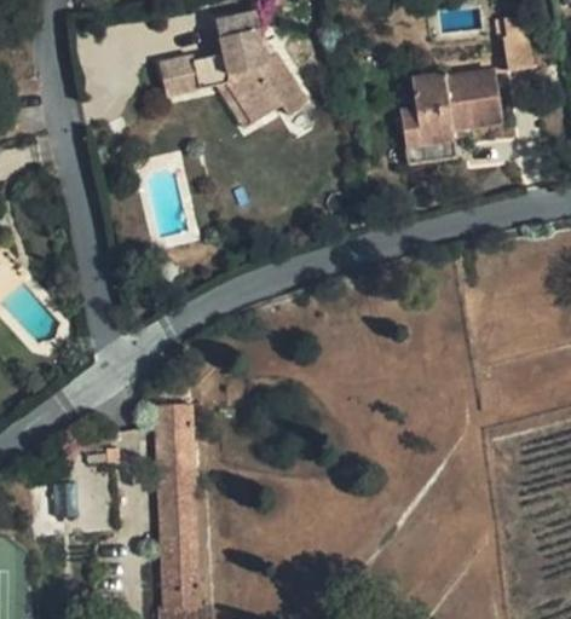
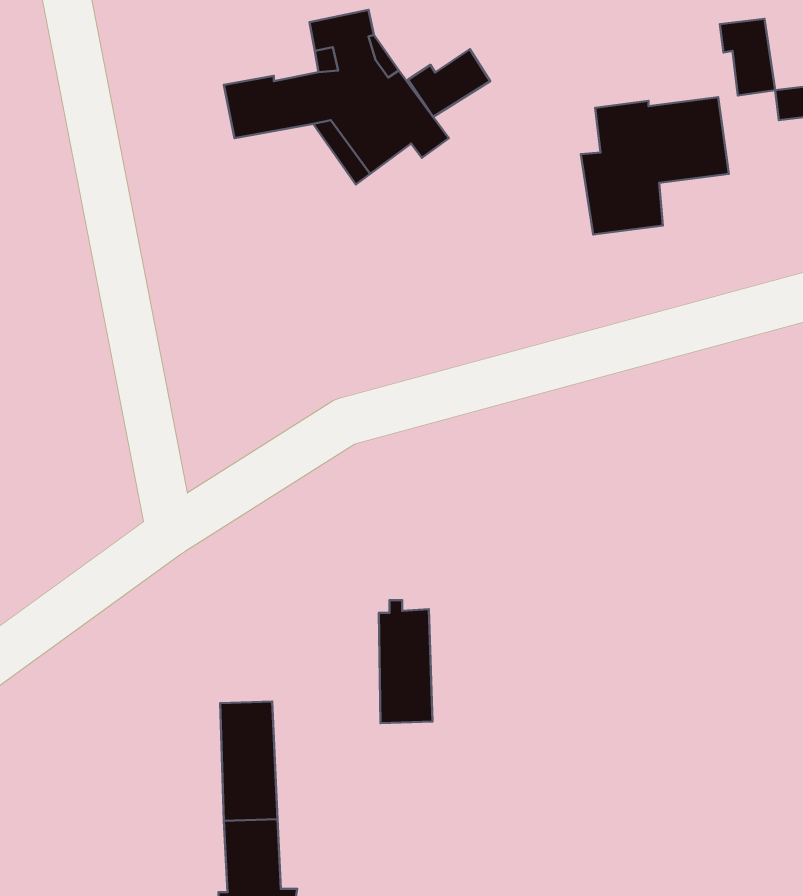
building: none -> [408,49,490,117]
building: [156,398,192,481] -> [379,600,432,723]

